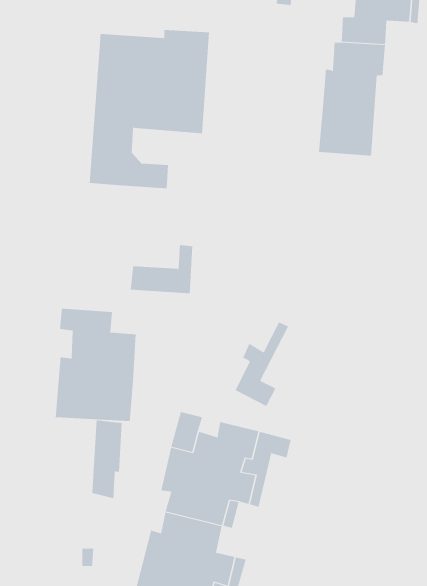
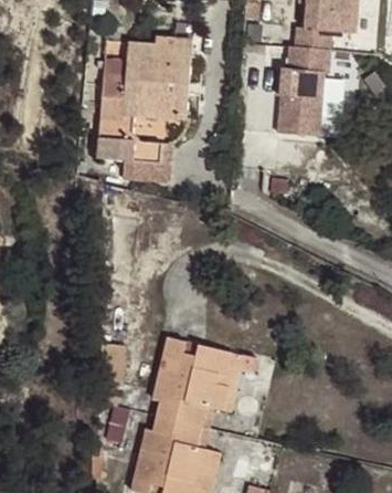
building: [130,245,193,294] -> [121,144,171,182]
building: [55,308,136,422] -> none
building: [235,321,289,407] -> none

